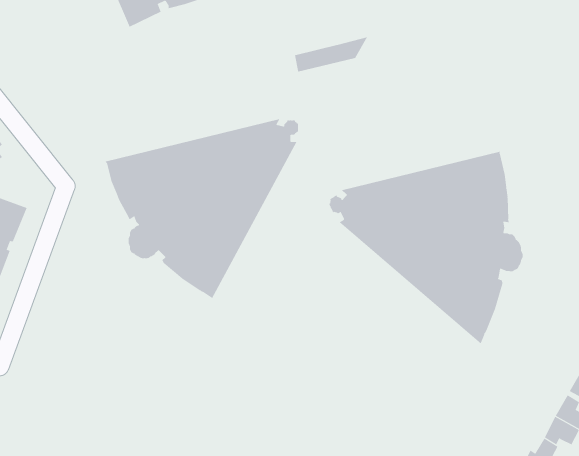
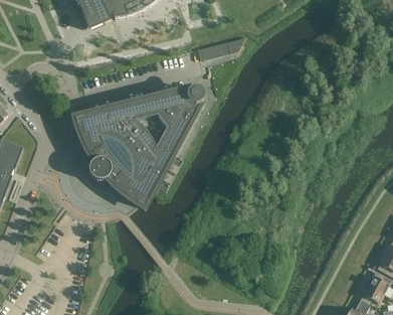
building: [328,151,523,345] -> none

